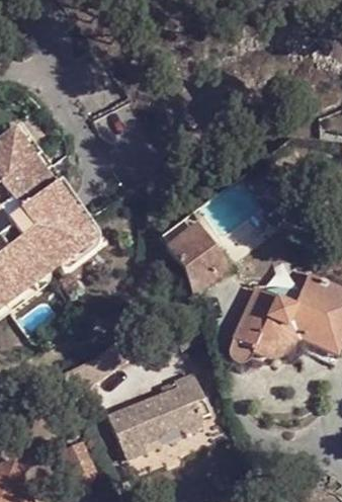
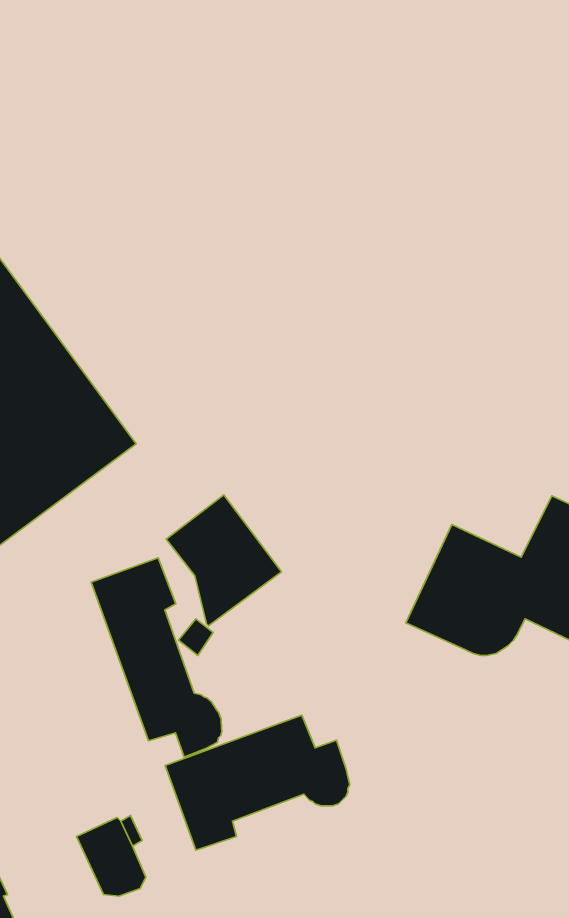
building: [172,226,233,295] -> [166,495,282,626]
building: none -> [91,558,222,757]

